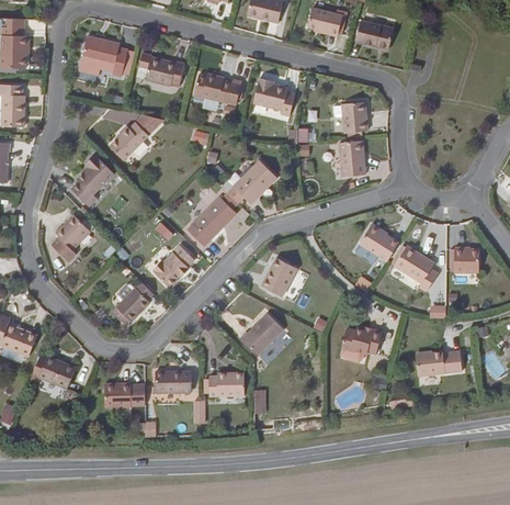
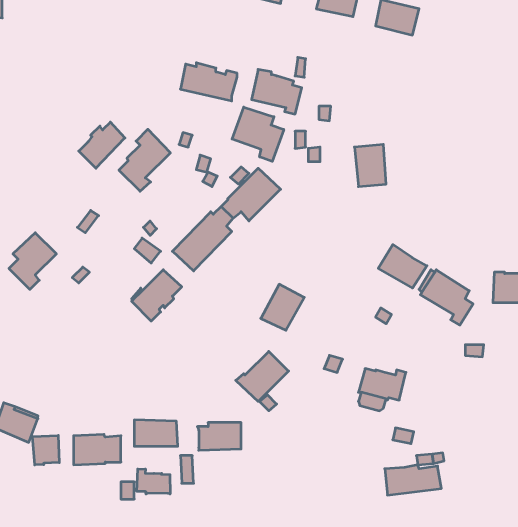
building: [80,35,128,76] -> none
building: [146,56,184,86] -> none
building: [341,101,367,132] -> none
building: none -> [232,107,284,161]
building: [71,154,114,205] -> [119,129,170,191]
building: [112,281,154,326] -> none
building: [416,350,463,375] -> [385,465,441,495]
building: none -> [33,435,59,465]
building: none -> [137,469,170,494]

